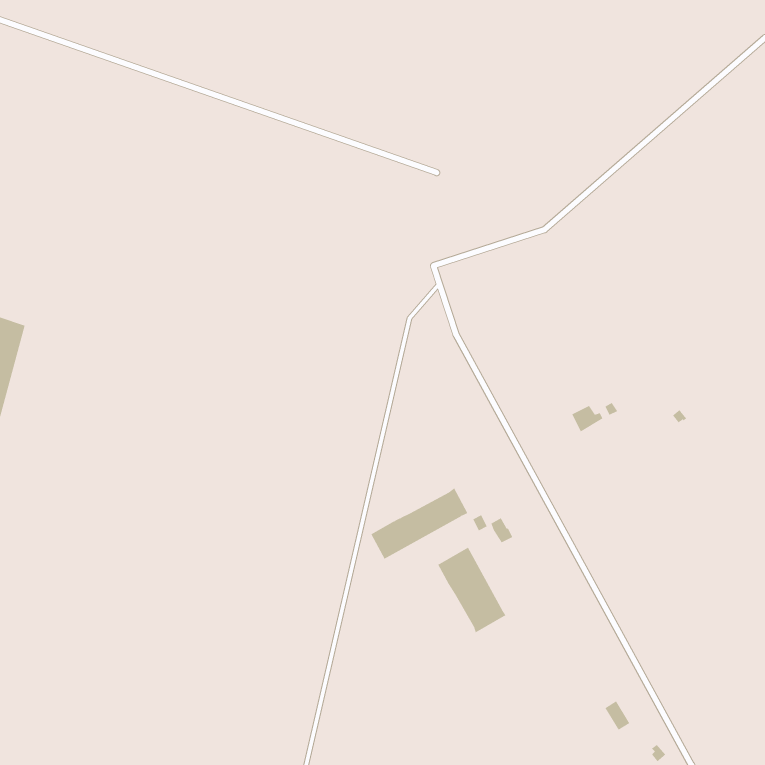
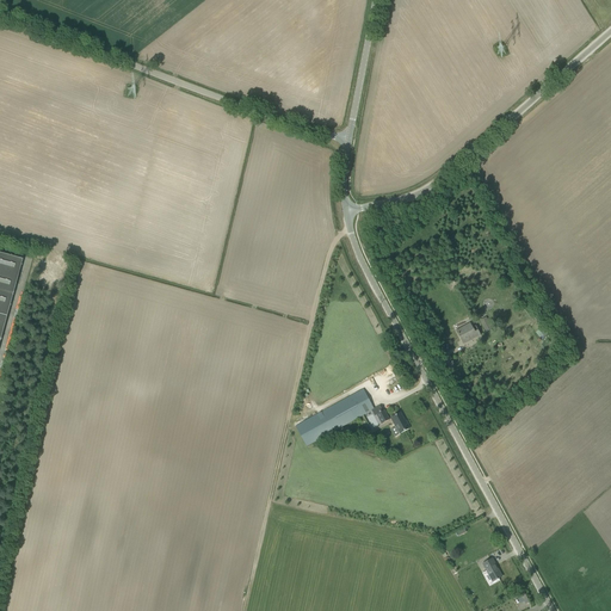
building: [437,547,506,633] -> none

